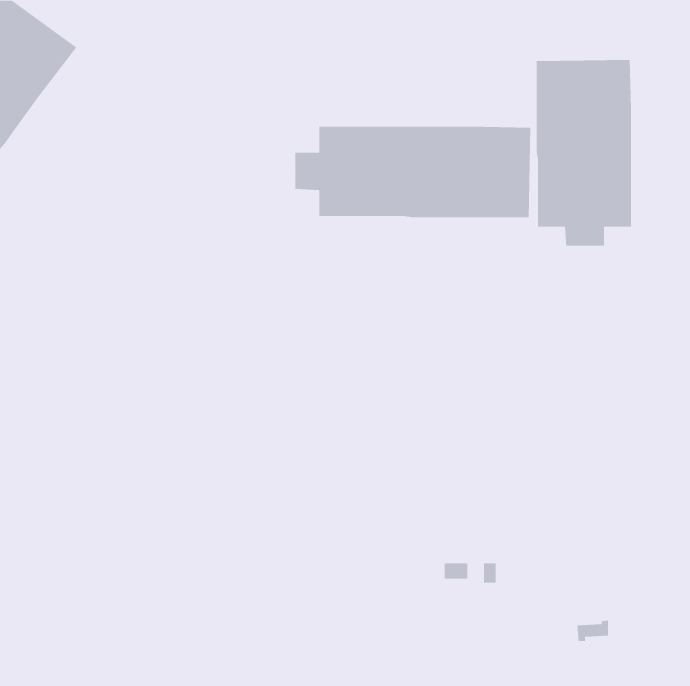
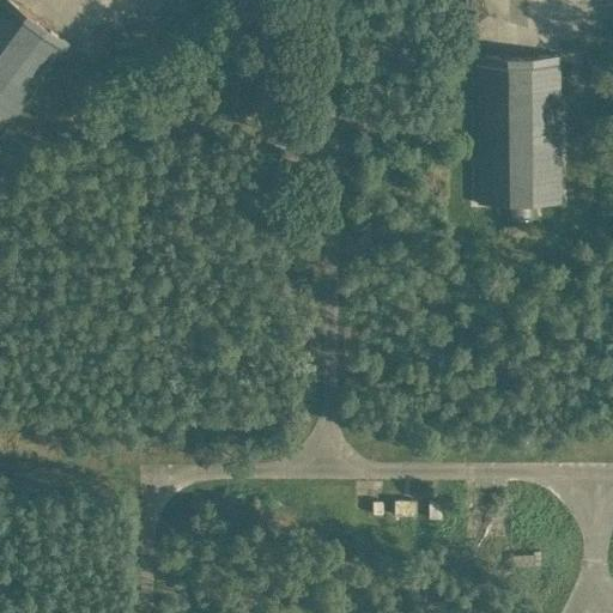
building: [295,126,531,218] -> none

